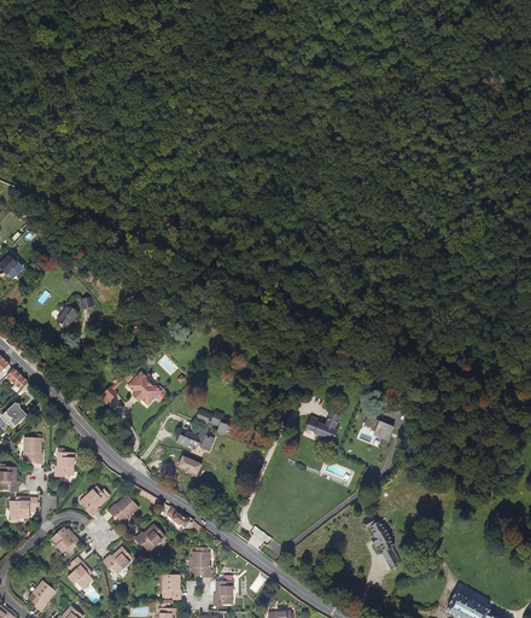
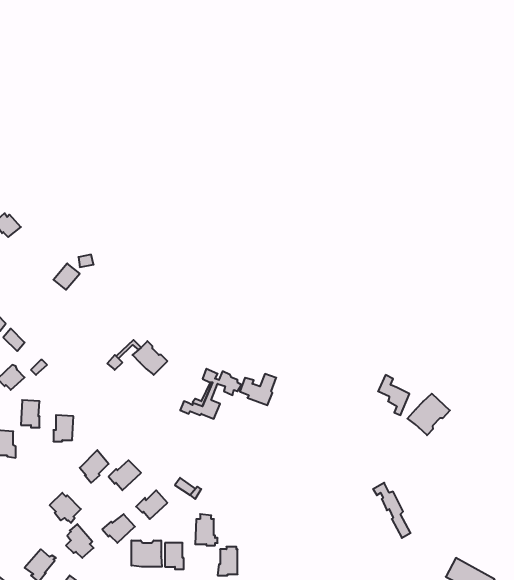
building: [304,412,339,442] -> [240,374,276,405]
building: none -> [407,394,450,435]
building: [10,496,39,520] -> none
building: none -> [131,540,162,567]

